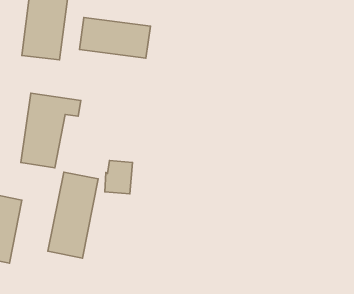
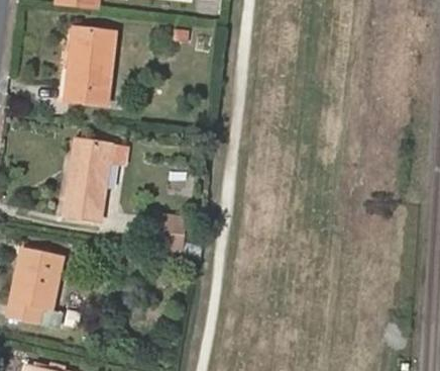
building: [79,18,150,58] -> none
building: [48,172,98,258] -> none

